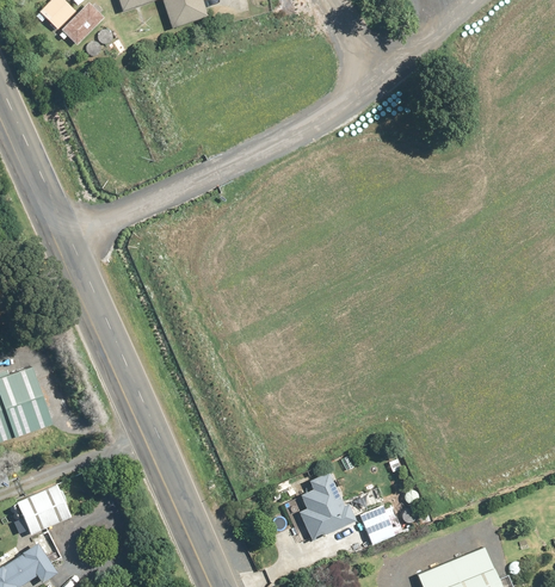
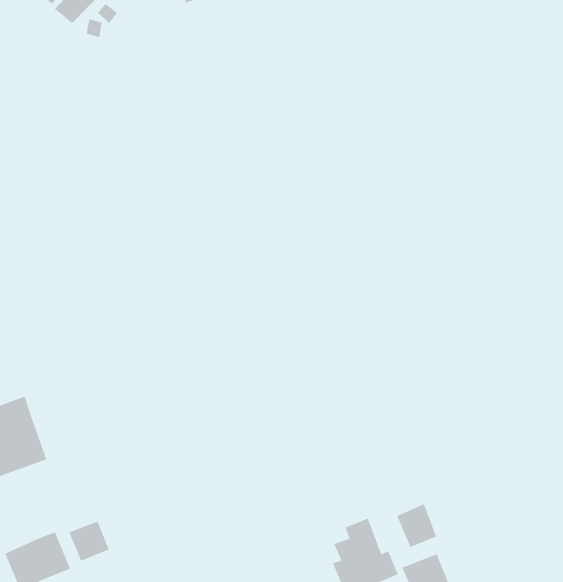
building: none -> [396,503,437,548]
building: none -> [68,521,109,561]

